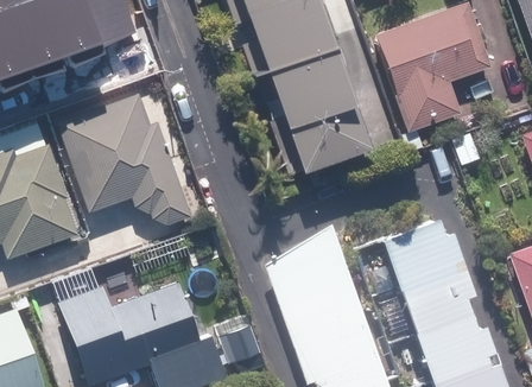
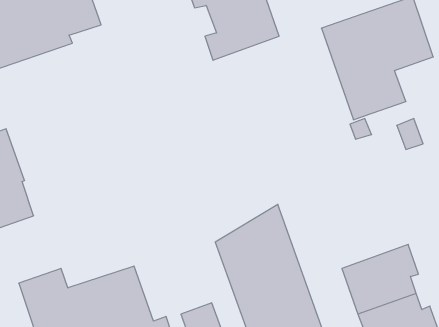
building: [262,46,355,169] -> none
building: [59,95,191,226] -> none
building: [379,216,466,287] -> none

